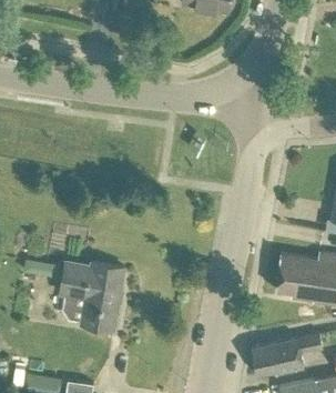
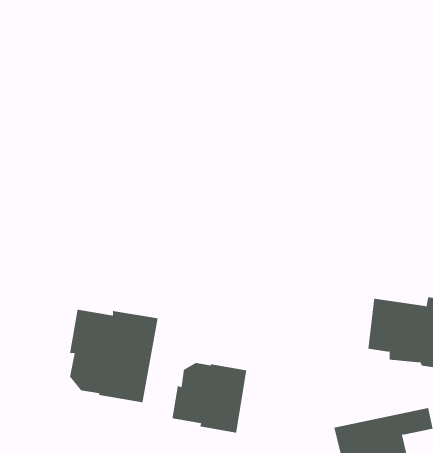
building: none -> [172,362,247,434]

